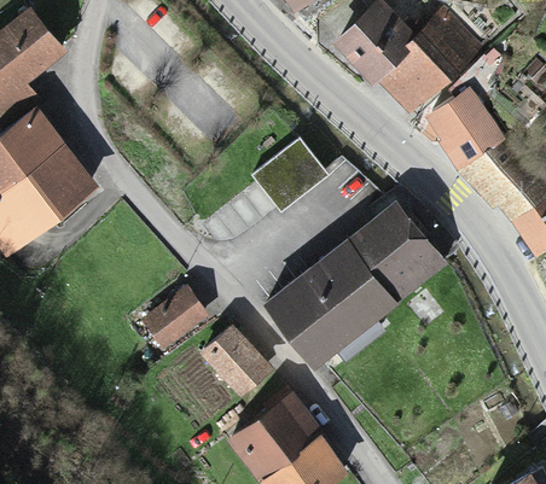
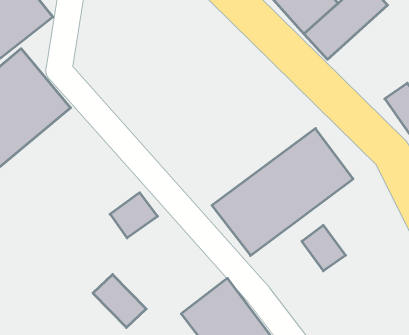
building: [435,99,498,168] -> none
building: [256,145,327,214] -> none
building: [199,321,265,386] -> [93,274,146,328]
building: none -> [302,225,346,271]

